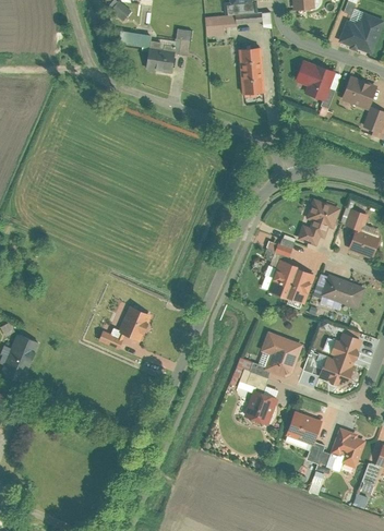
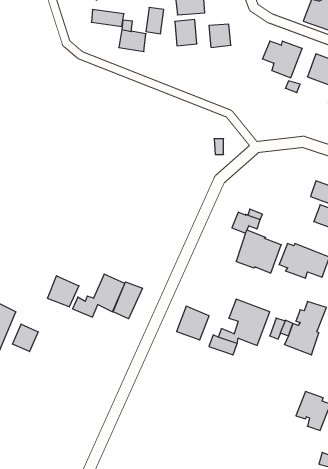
building: [242,68,265,95] -> [175,20,197,46]
building: [298,200,340,246] -> none
building: none -> [47,276,79,307]
building: none -> [113,282,142,319]
building: none -> [12,324,38,352]
building: [244,390,278,425] -> [177,306,209,340]
building: [286,411,332,473] -> none

